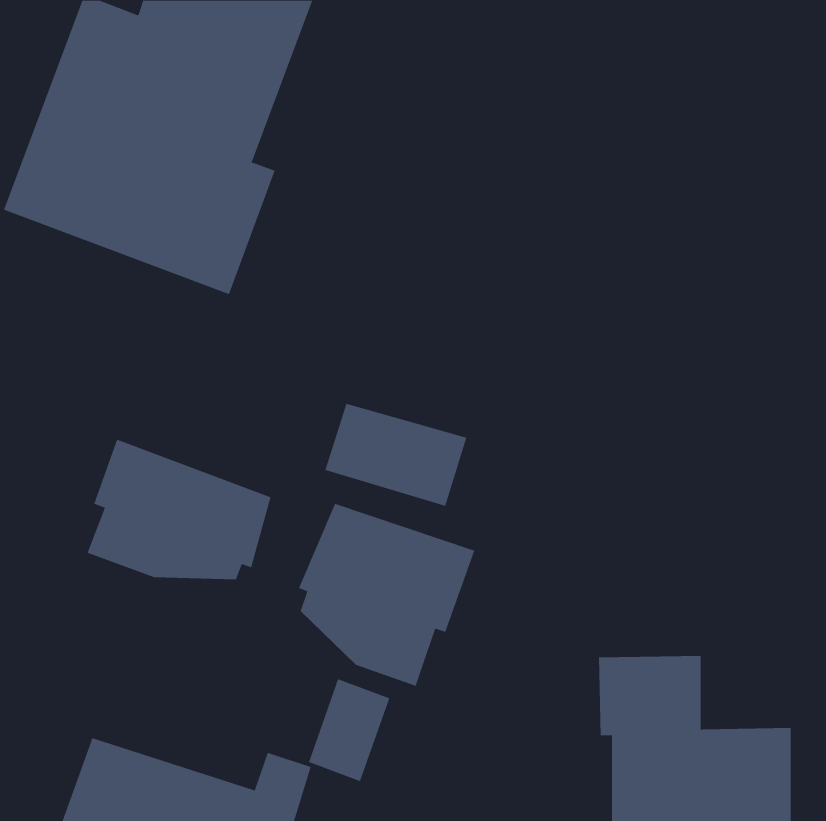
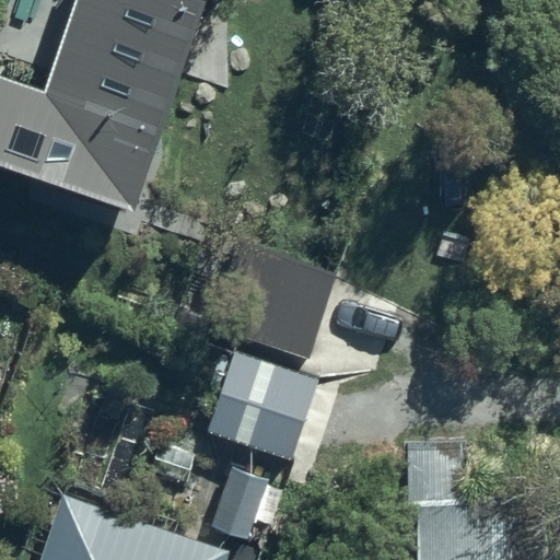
building: [87,439,271,580] -> none

